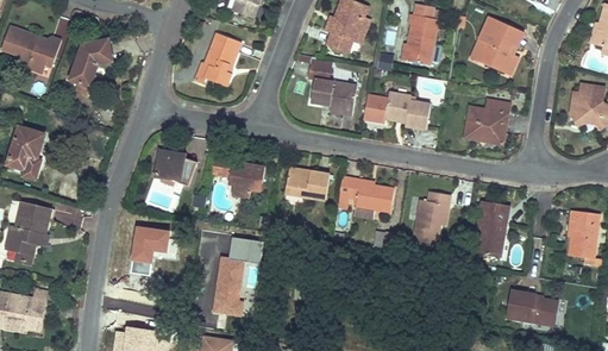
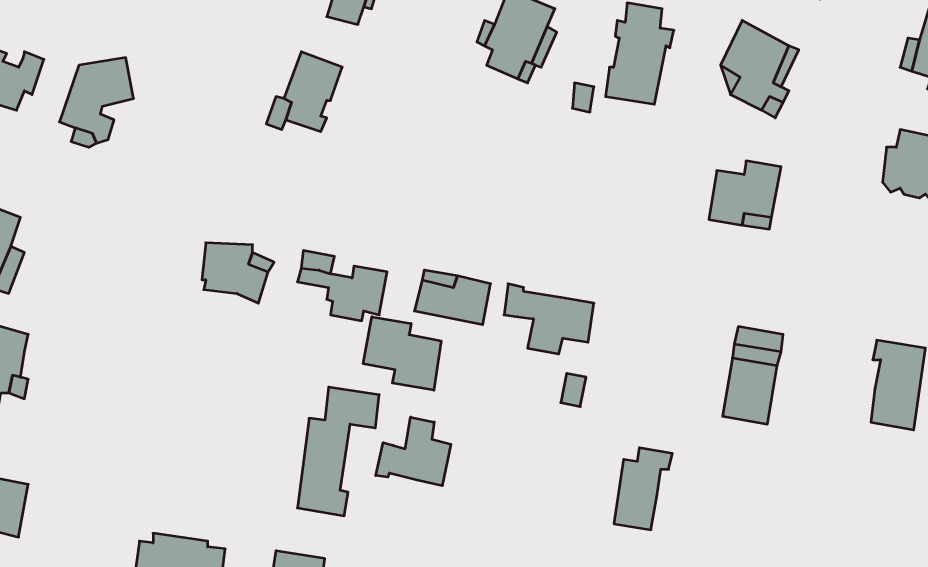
building: [309,61,356,113] -> none
building: [359,92,428,127] -> none
building: [418,192,453,242] -> [614,448,672,530]
building: none -> [363,317,441,390]
building: [133,227,170,263] -> none
building: none -> [376,417,451,486]
building: [499,293,551,328] -> none

